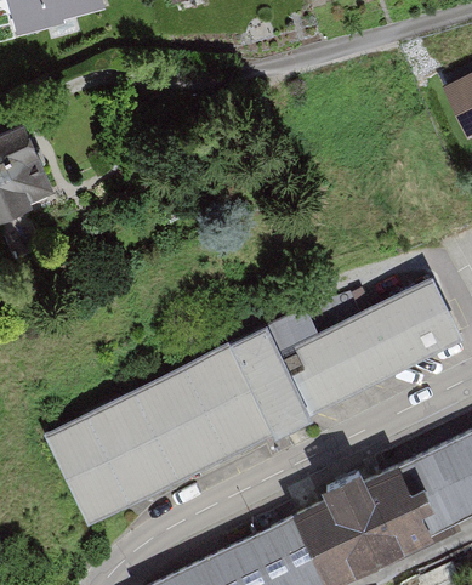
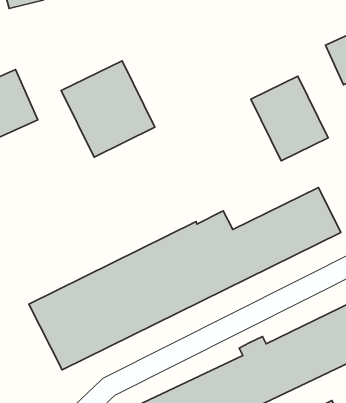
building: none -> [61,61,155,157]
building: none -> [251,76,328,161]

